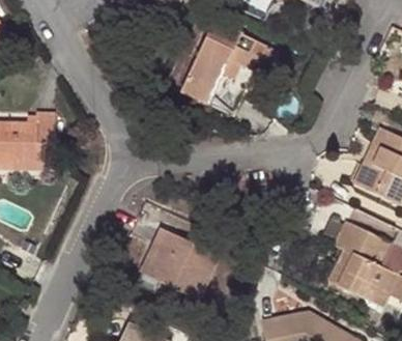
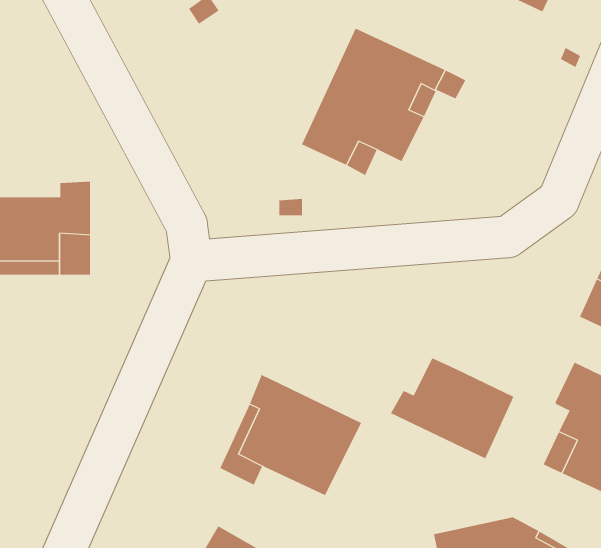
building: none -> [390,357,514,459]

